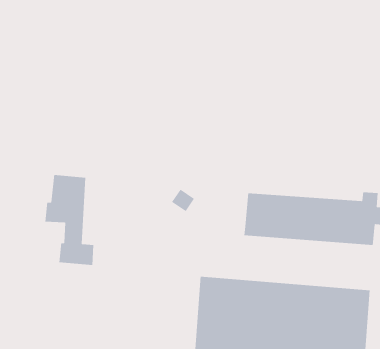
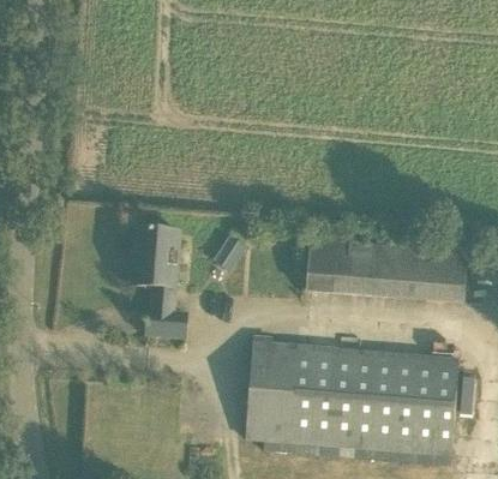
building: [45,174,94,266] -> [128,227,188,337]

